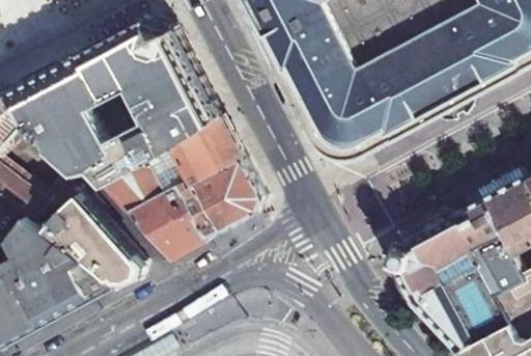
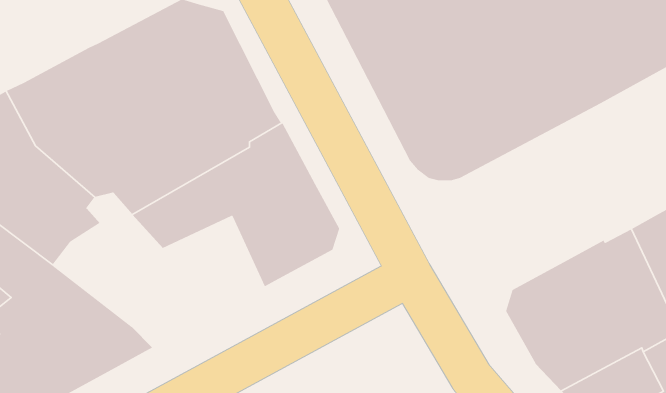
building: [127,186,204,258] -> none
building: [43,191,144,286] -> none

